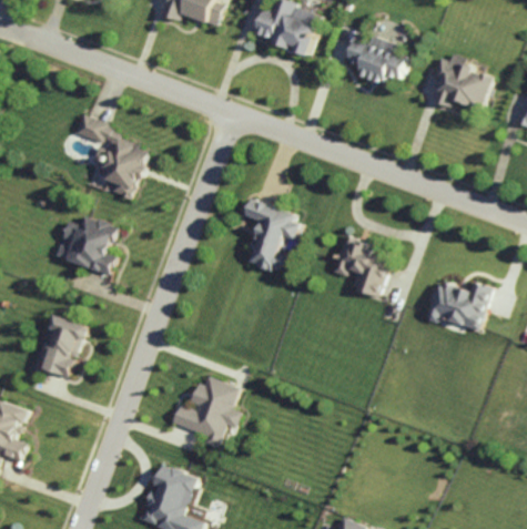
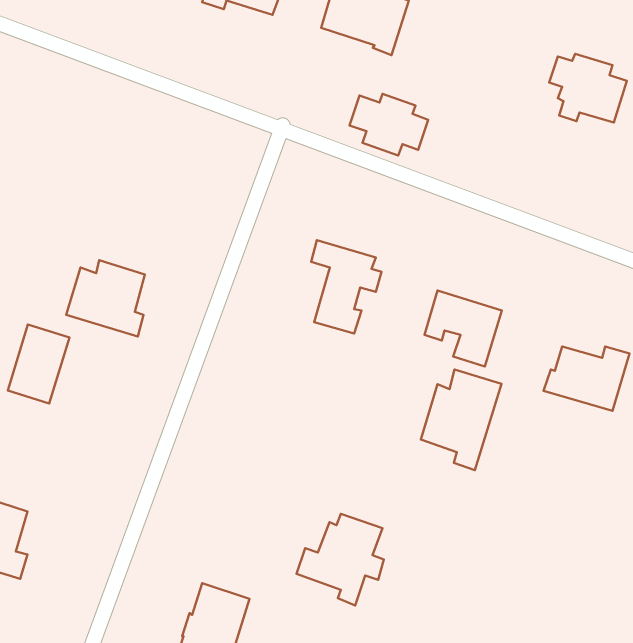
building: [345,37,406,84] -> [349,94,428,156]
building: [74,121,151,200] -> none
building: none -> [421,370,502,470]
building: [38,315,85,376] -> [8,324,69,403]
building: [171,377,239,448] -> [296,514,384,605]

